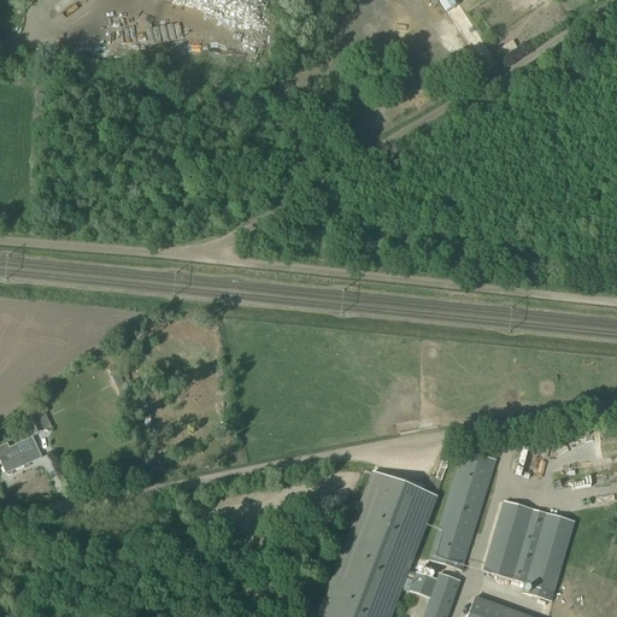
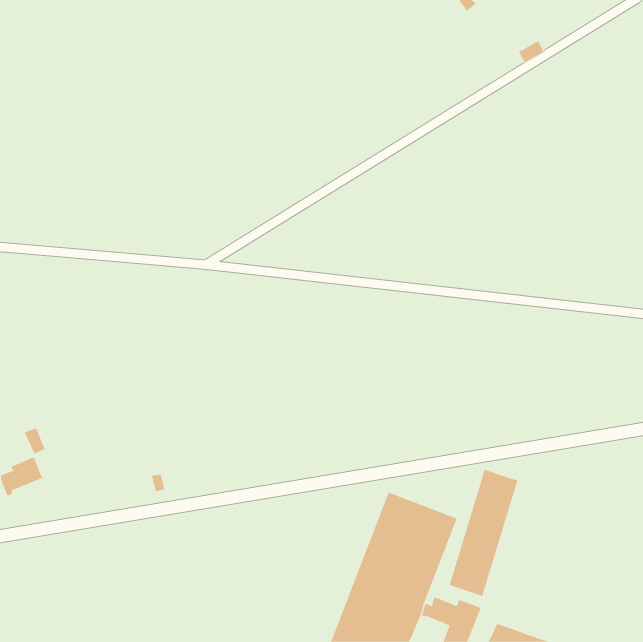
building: [484,500,575,593] -> none

